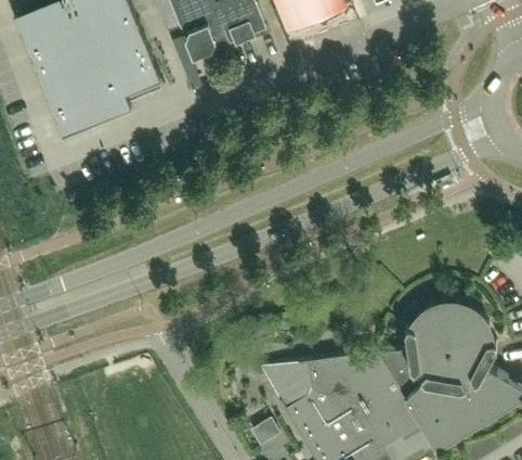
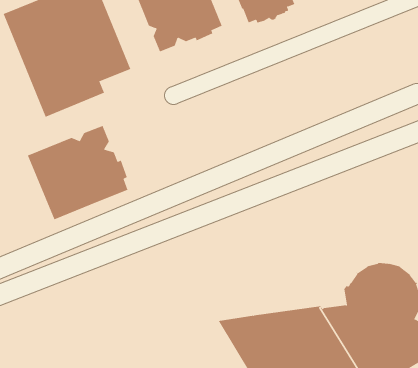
building: none -> [27,125,128,220]

